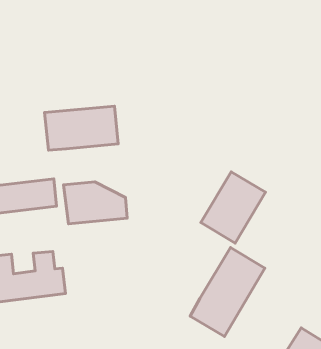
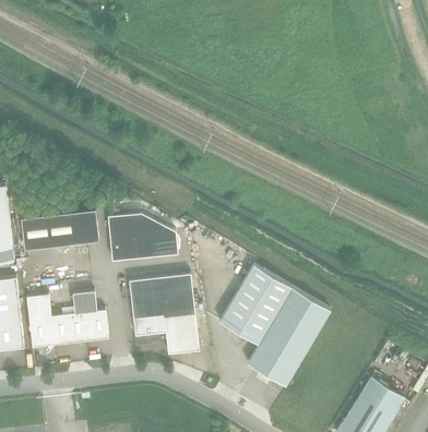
building: [45,106,118,150] -> none
building: [201,172,266,243] -> [219,264,292,344]
building: none -> [128,274,199,353]

